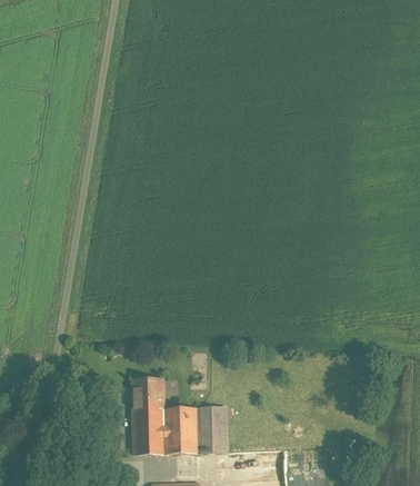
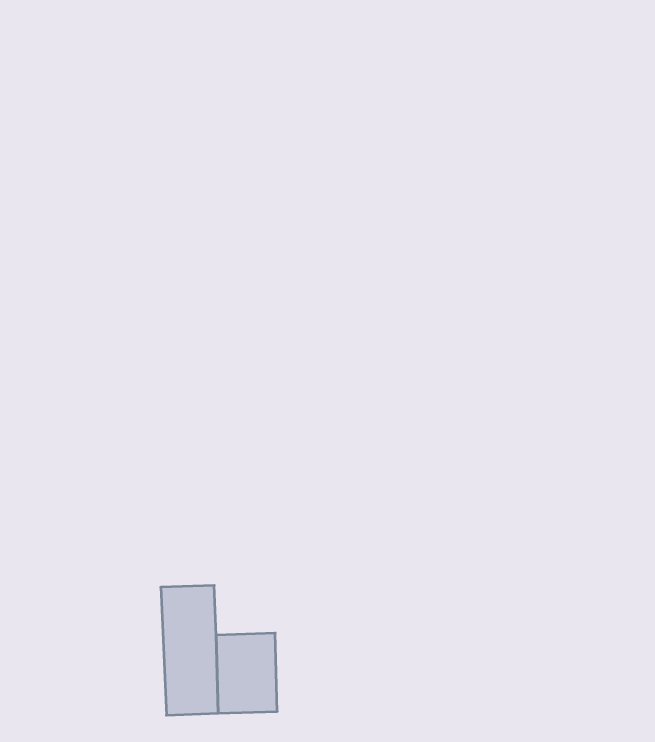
building: [198,406,227,453] -> none

